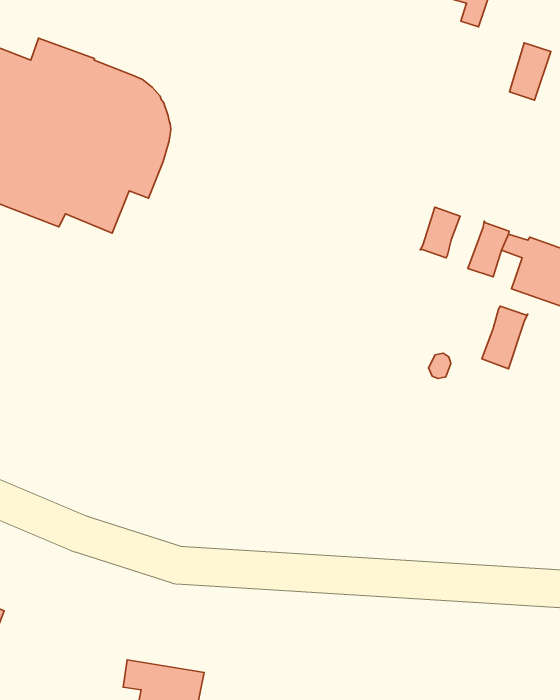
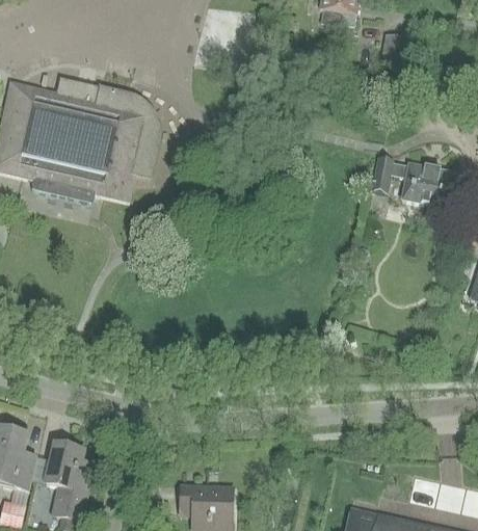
building: [420,207,460,258] -> none
building: [482,306,528,369] -> none

